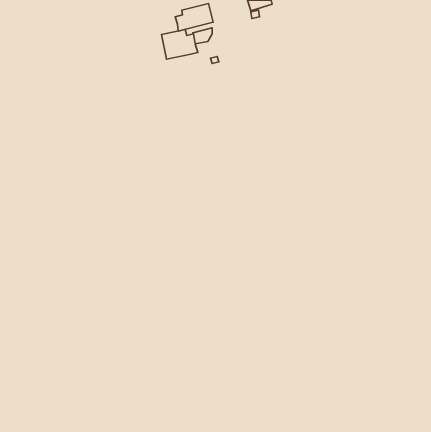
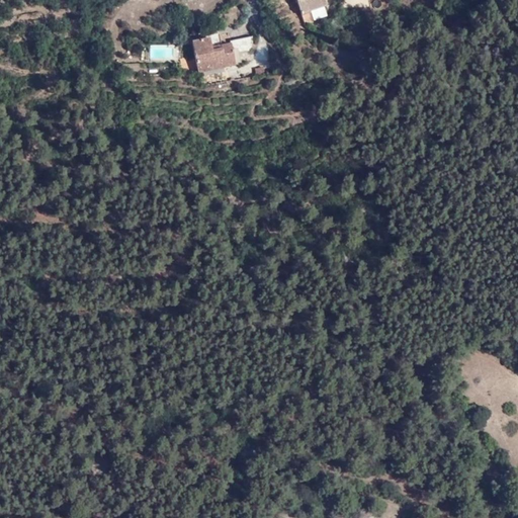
building: [175,3,213,31] -> none

